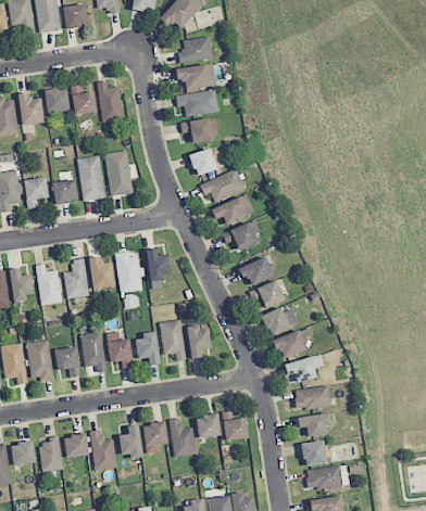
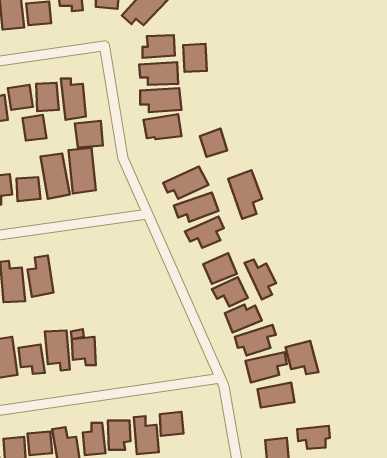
building: none -> [183,44,207,72]
building: none -> [23,115,47,140]
building: none -> [75,121,103,148]
building: [188,148,215,176] -> [200,129,227,157]
building: none -> [228,170,262,219]
building: [146,248,170,290] -> none
building: [115,253,142,293] -> none
building: [89,256,113,289] -> none
building: none -> [244,260,276,300]
building: [160,320,185,361] -> none
building: [187,327,210,358] -> none
building: [134,333,159,366] -> none
building: none -> [285,341,318,374]
building: [222,411,248,440] -> none
building: [297,413,329,436] -> [297,426,330,449]

